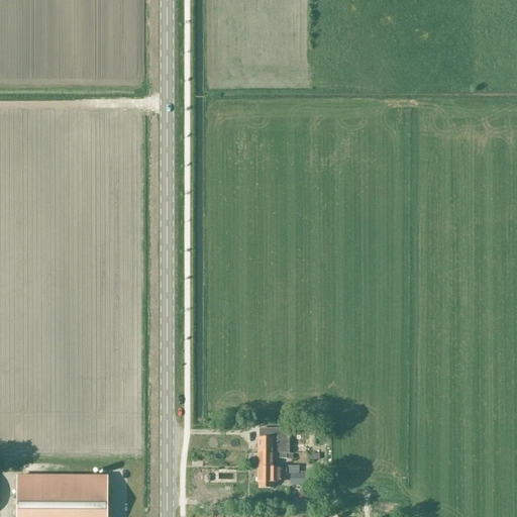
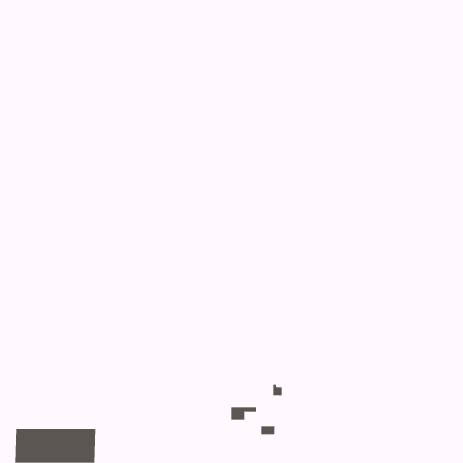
building: [258,428,282,452] -> none
building: [257,468,287,488] -> none

